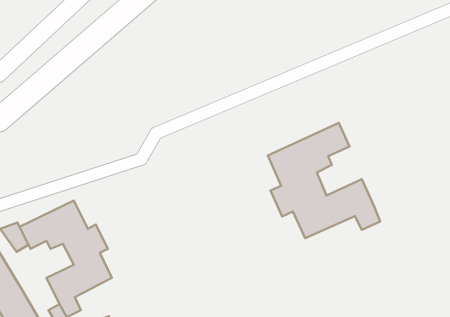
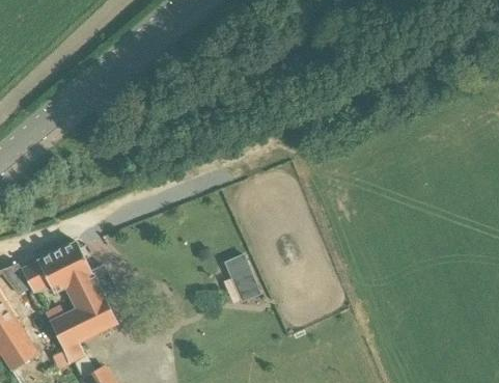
building: [268,123,380,238] -> none
building: none -> [224,252,260,300]

